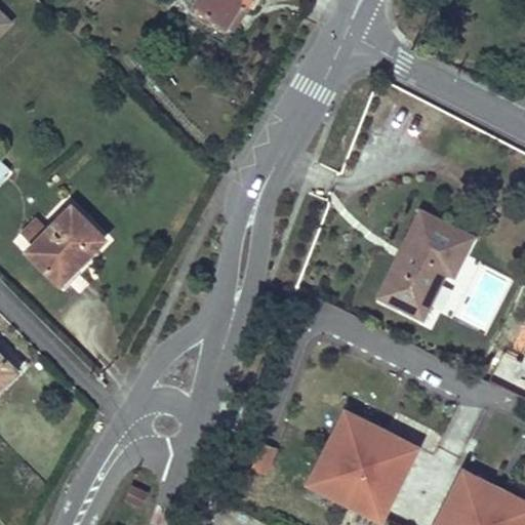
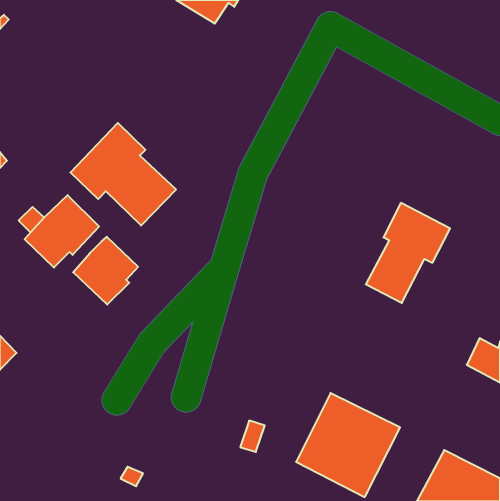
building: none -> [70,123,176,226]
building: none -> [73,237,138,305]

